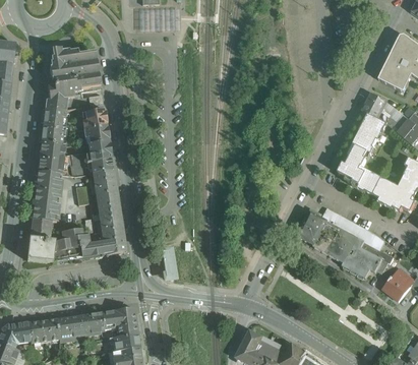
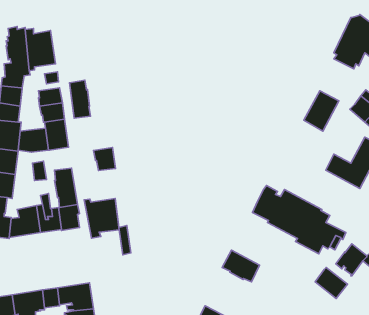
building: [363,94,403,131] -> none
building: none -> [69,80,91,118]
building: [336,142,381,193] -> none
building: [94,170,116,193] -> [94,148,116,171]
building: none -> [84,199,119,238]
building: none -> [222,250,260,282]
building: none -> [315,268,348,299]

